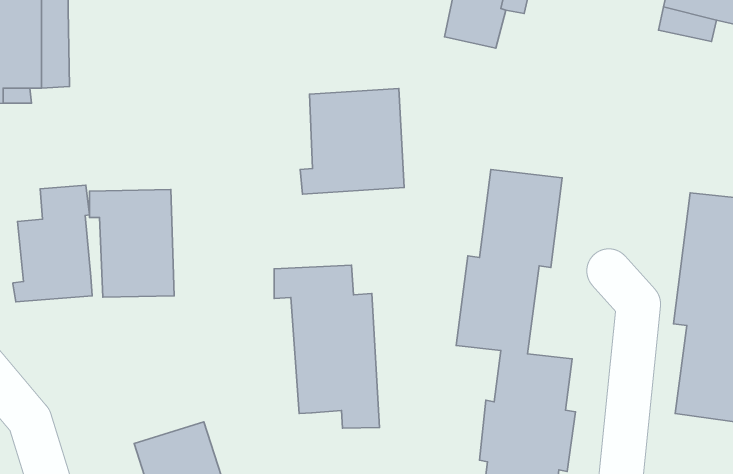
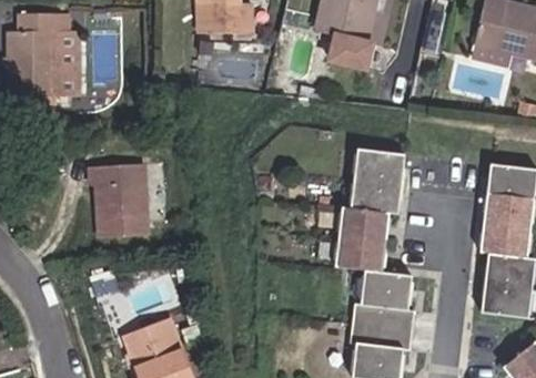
building: [300,89,404,194] -> none
building: [13,185,92,302] -> none
building: [274,265,380,428] -> none

